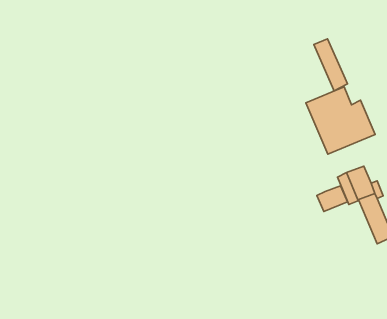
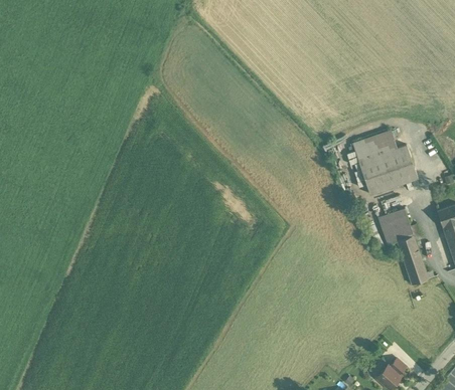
building: [314,39,347,91] -> none
building: [317,186,348,211] -> none

